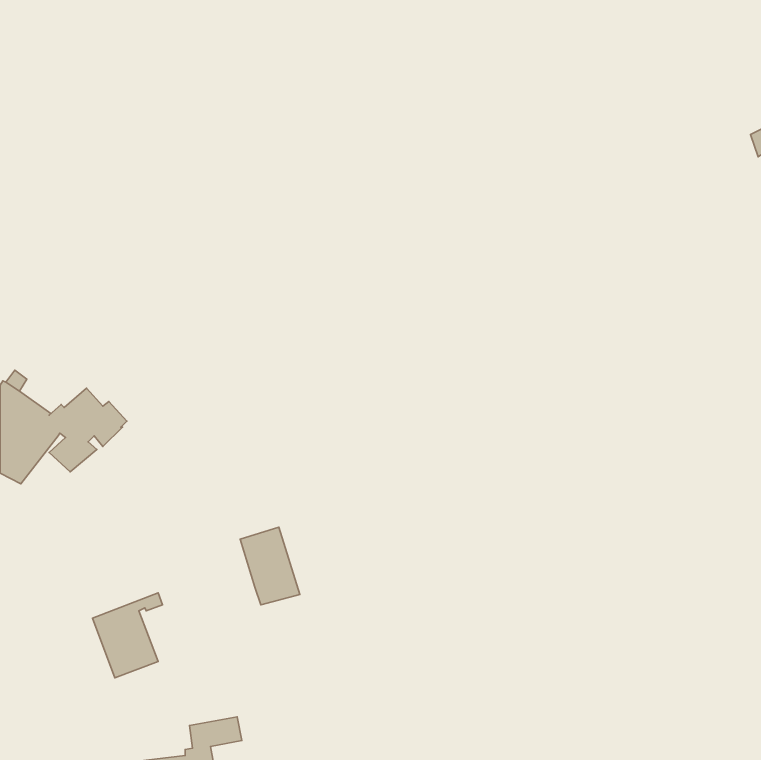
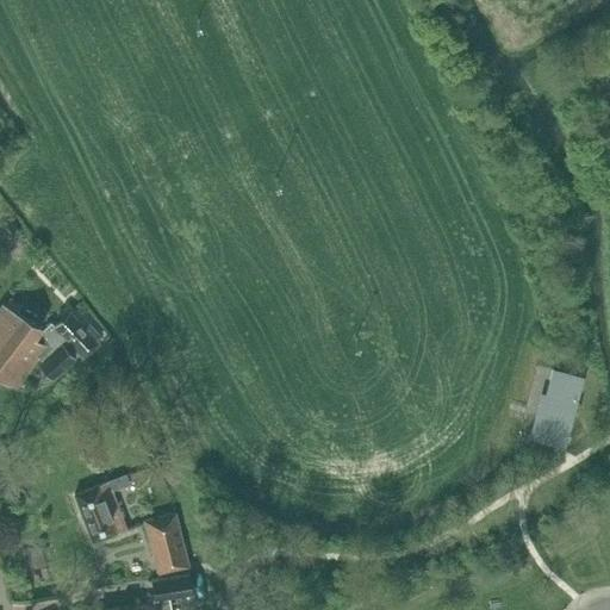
building: none -> [530,372,581,447]
building: [240,527,300,605] -> [143,515,191,577]

